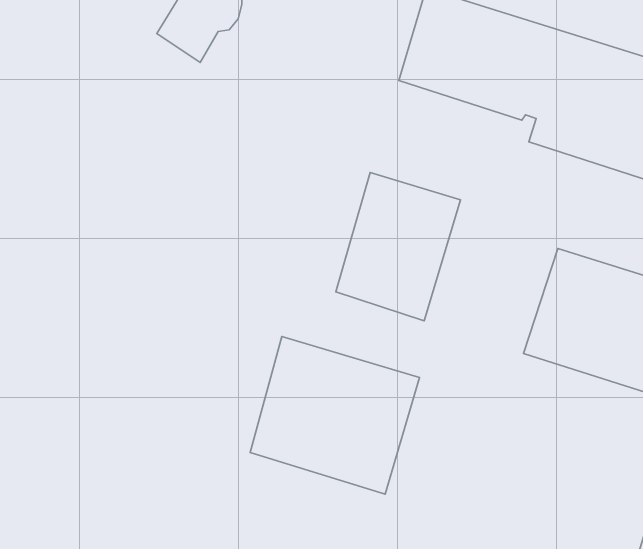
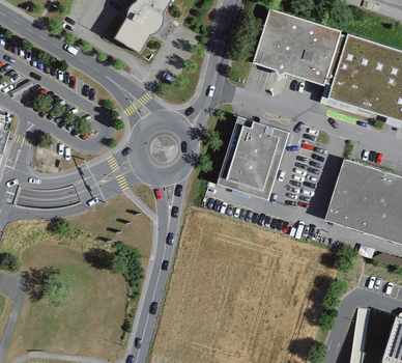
building: [250,336,420,494] -> none

